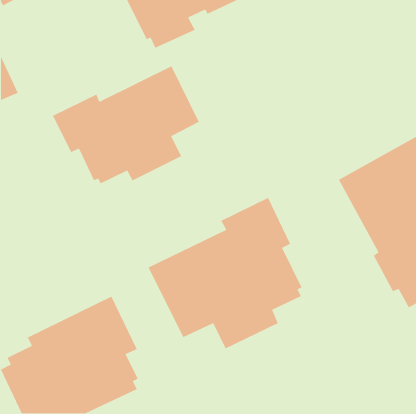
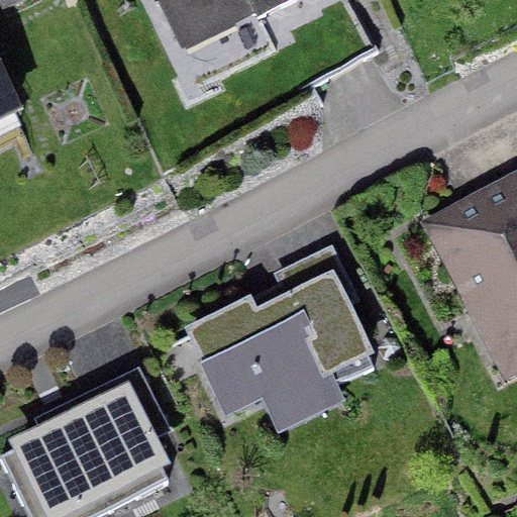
building: [52,65,200,185] -> none

